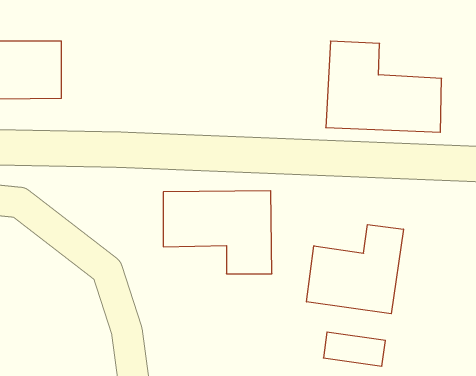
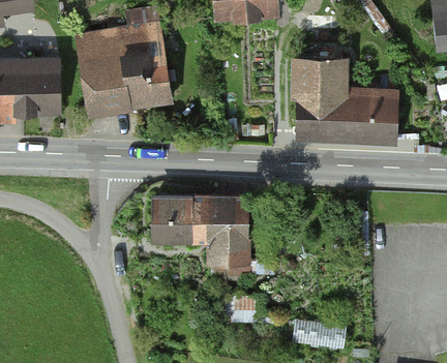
building: none -> [79,30,168,115]
building: [307,225,403,314] -> none

